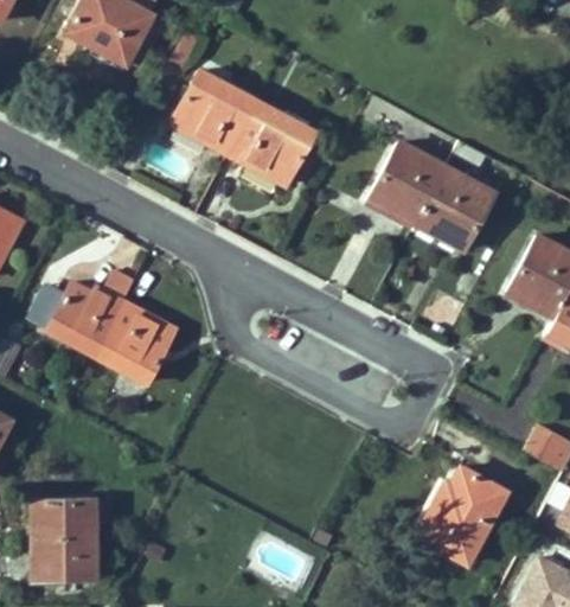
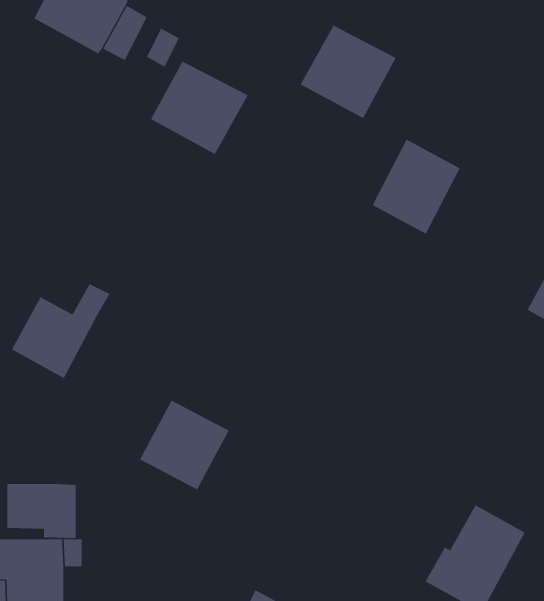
building: [229,102,315,186] -> [300,25,397,119]
building: [417,167,495,251] -> none
building: [94,302,174,383] -> [139,400,229,490]
building: none -> [7,483,76,539]

